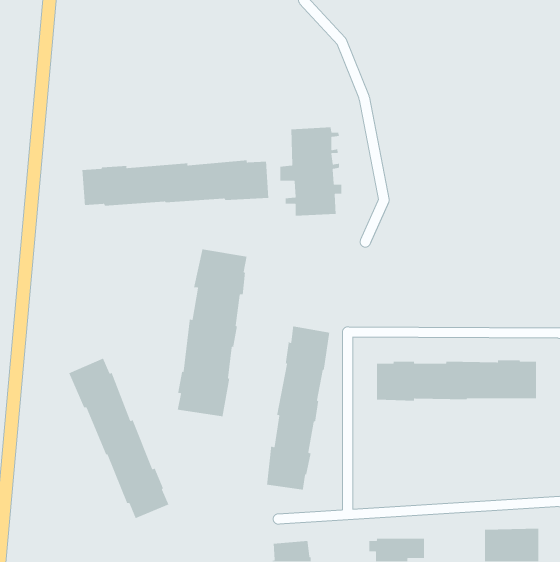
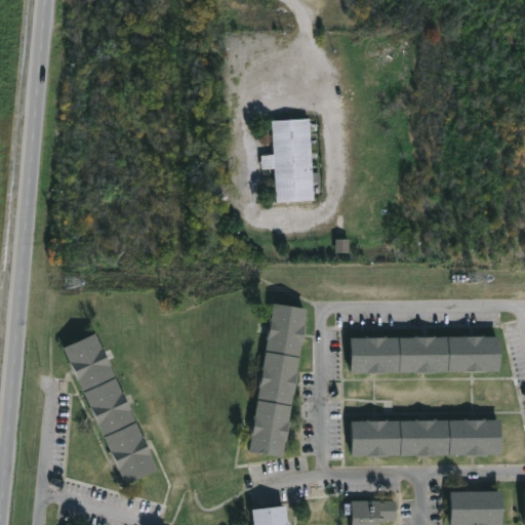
building: [82,160,269,207] -> none
building: [177,249,247,417] -> none
building: none -> [351,418,501,457]

